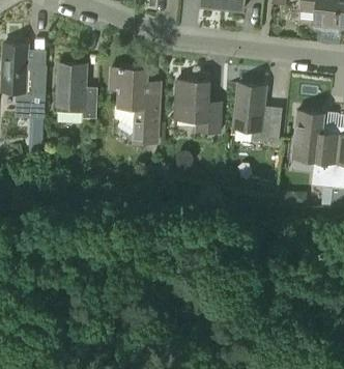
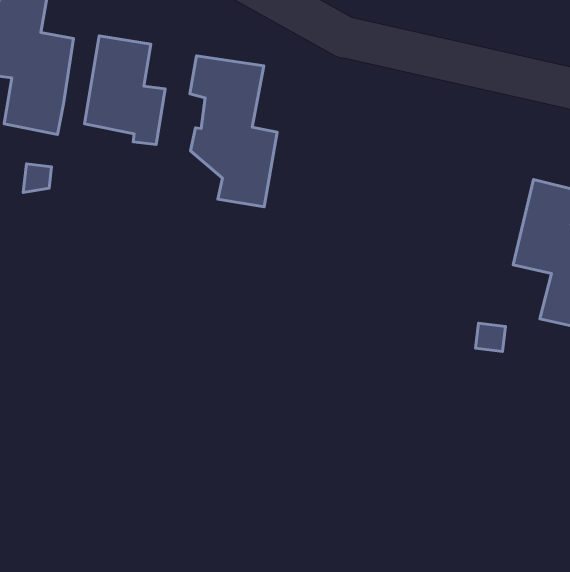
building: [174,80,221,132] -> none
building: [233,84,281,142] -> none

